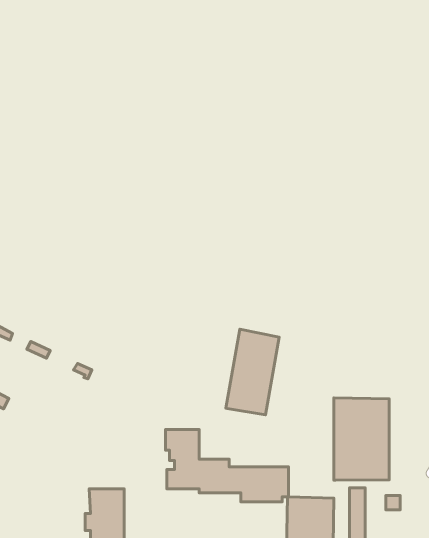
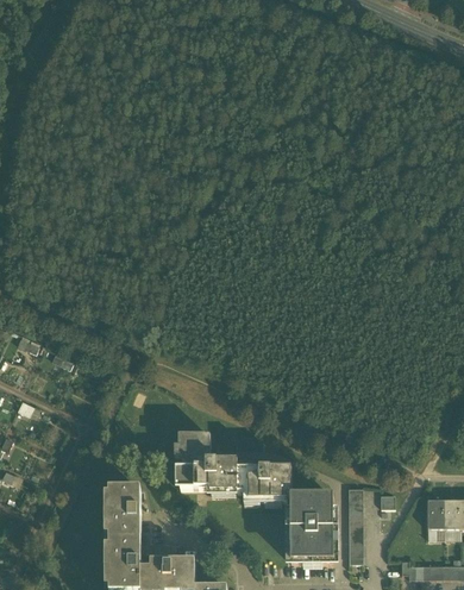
building: [226,329,279,415] -> none
building: [334,398,389,480] -> none

